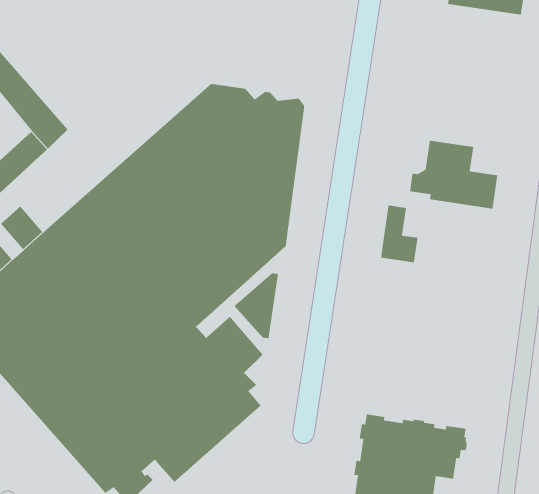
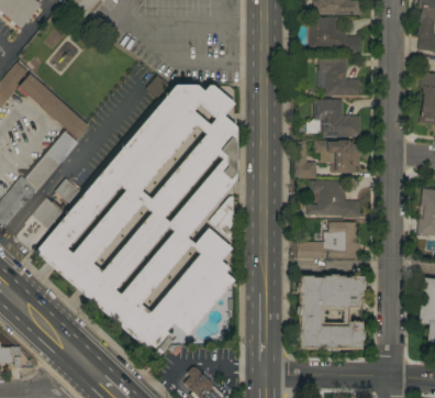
building: none -> [310,18,360,55]
building: none -> [317,59,360,96]
building: none -> [314,140,360,174]
building: none -> [306,180,359,218]
building: none -> [294,222,359,259]

